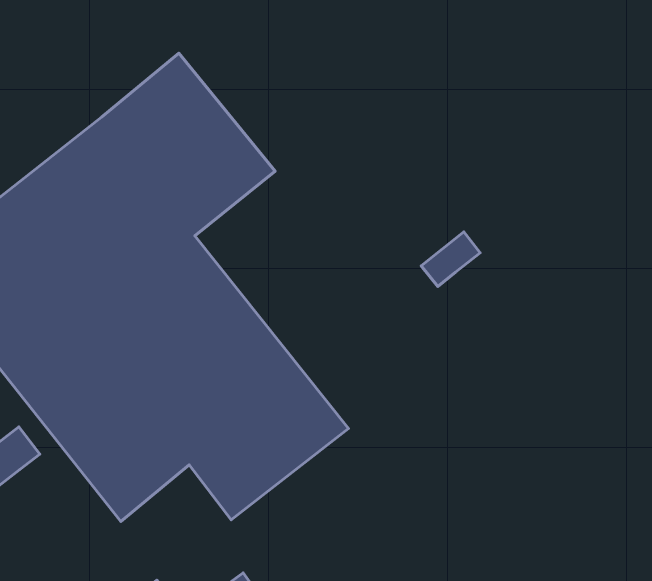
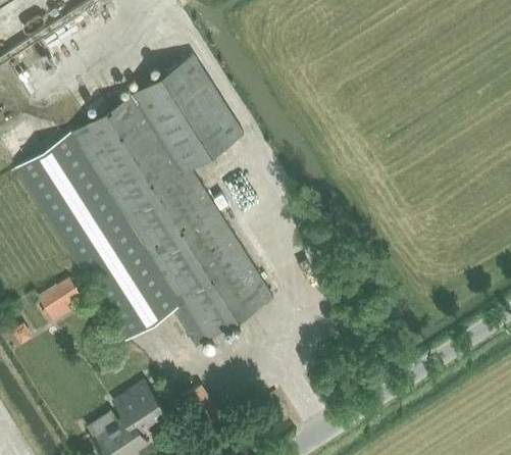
building: [421,232,480,286] -> none

